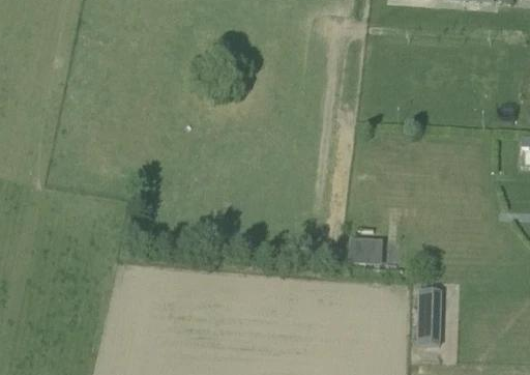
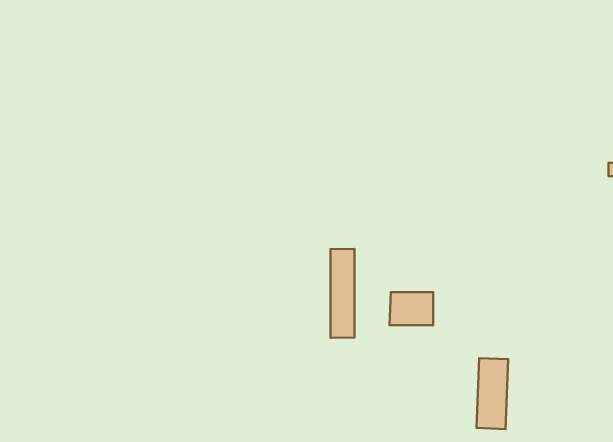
building: none -> [330,249,355,338]

